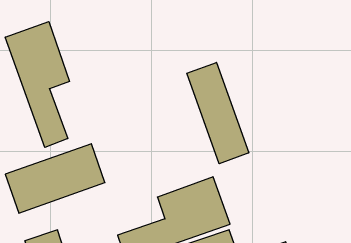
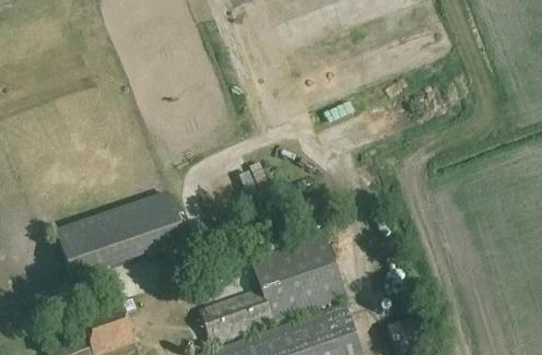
building: [5,22,70,147] -> none
building: [187,62,249,164] -> none

